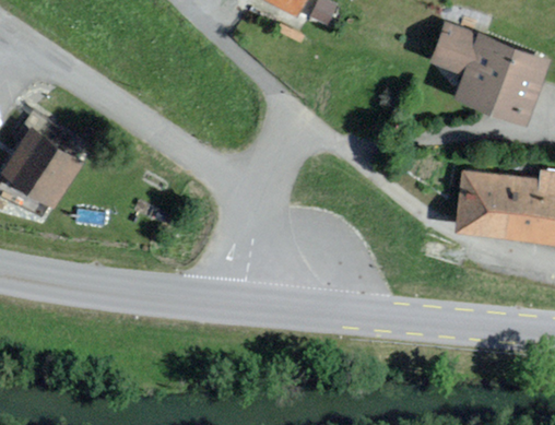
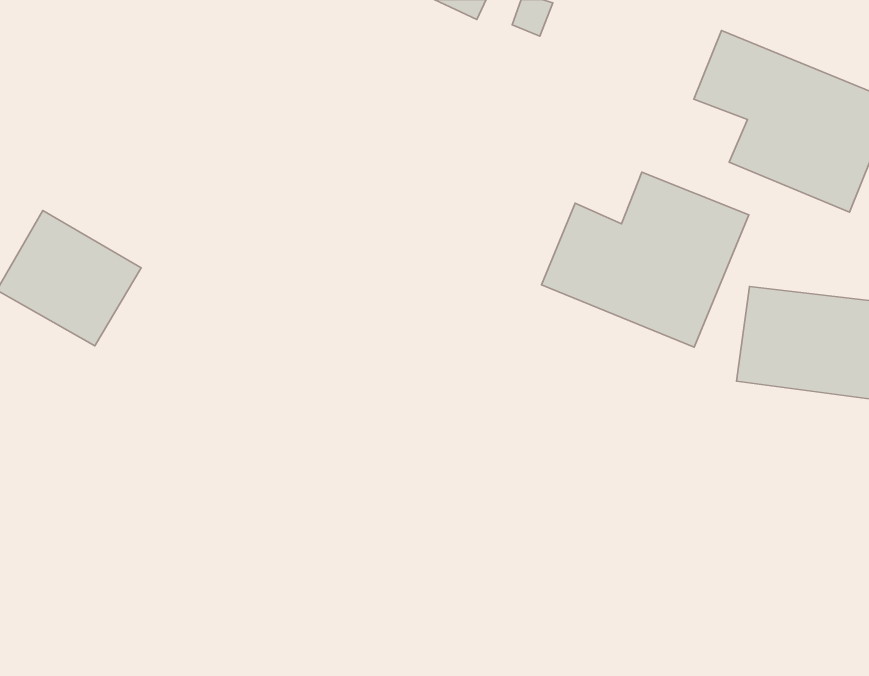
building: none -> [542,172,749,347]

